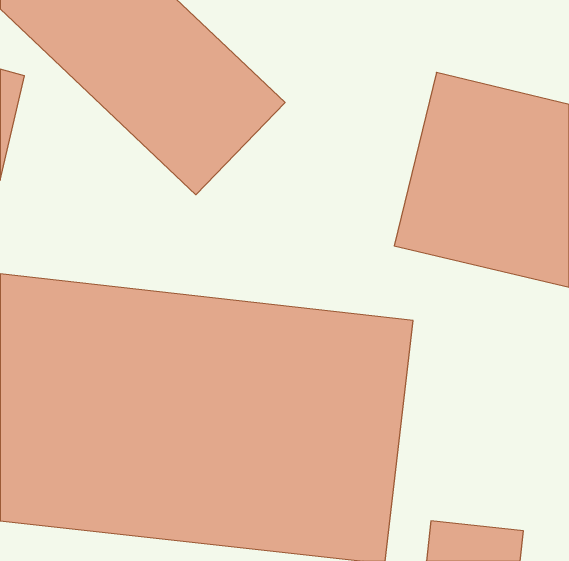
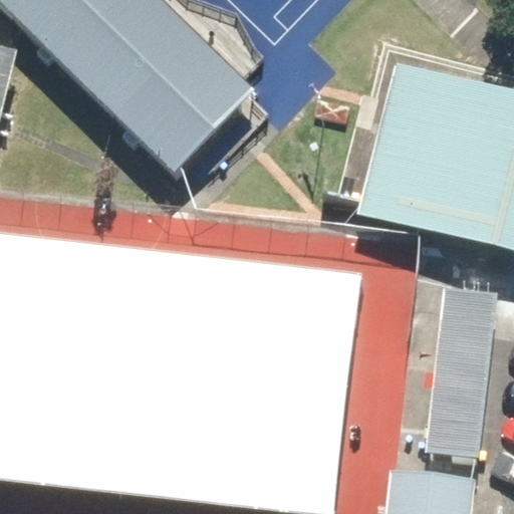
building: none -> [401,288,497,455]

